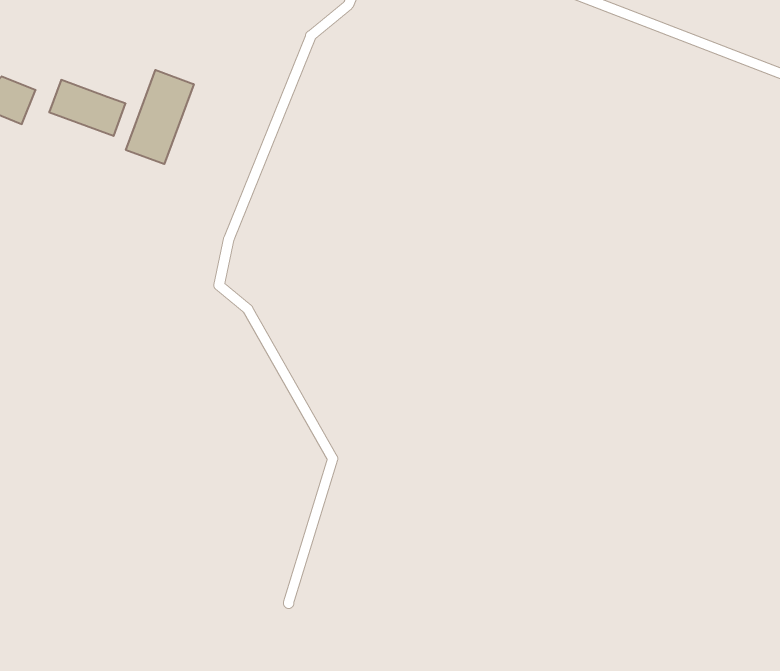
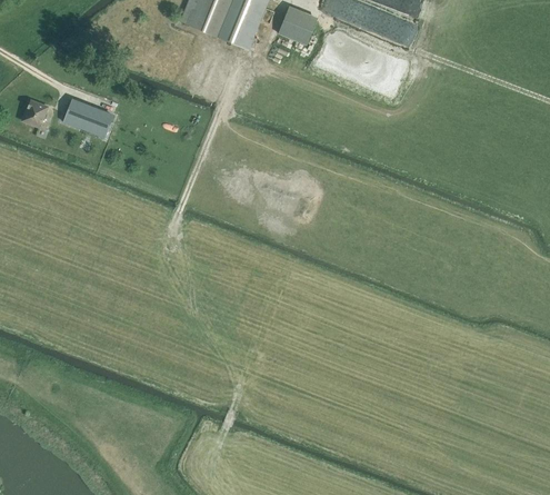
building: [126,70,194,164] -> none

